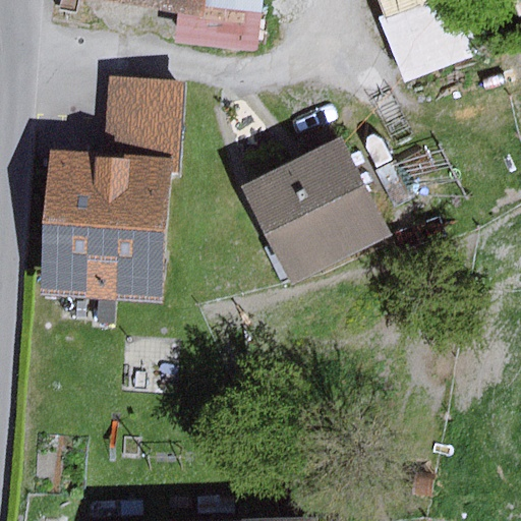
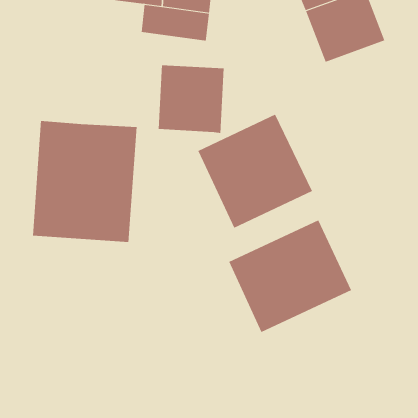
building: [101,73,183,158] -> [158,65,224,133]
building: none -> [229,219,352,333]

